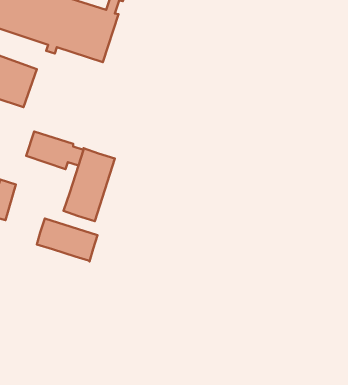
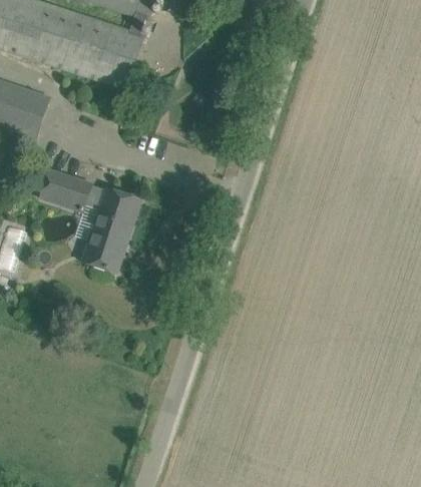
building: [37,218,98,261] -> none

